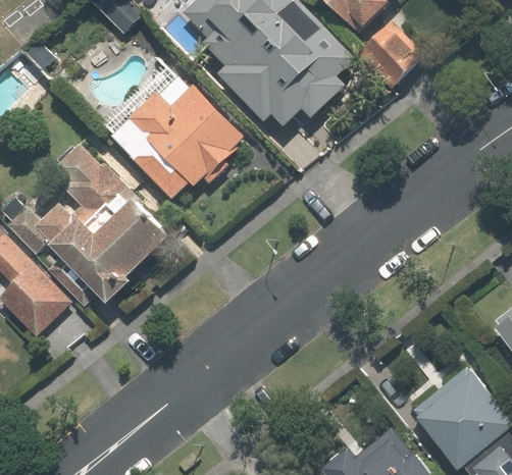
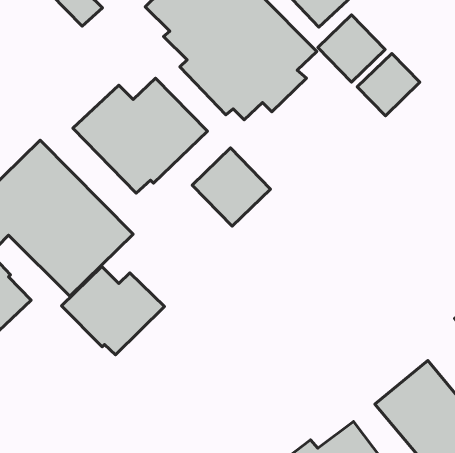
building: none -> [357,53,420,116]
building: none -> [192,148,270,226]
building: none -> [62,267,164,355]

